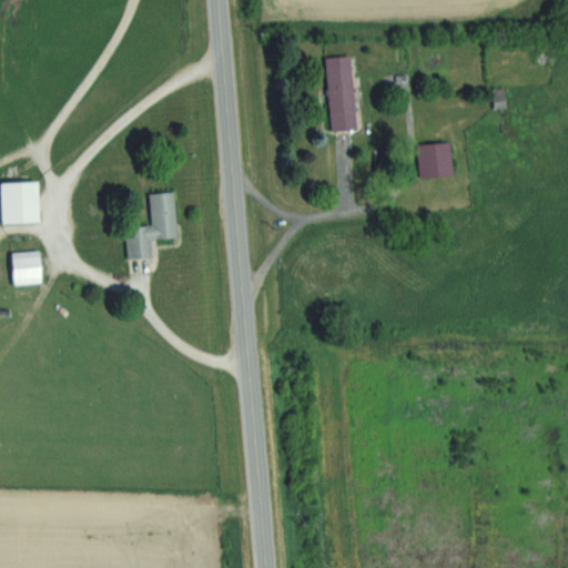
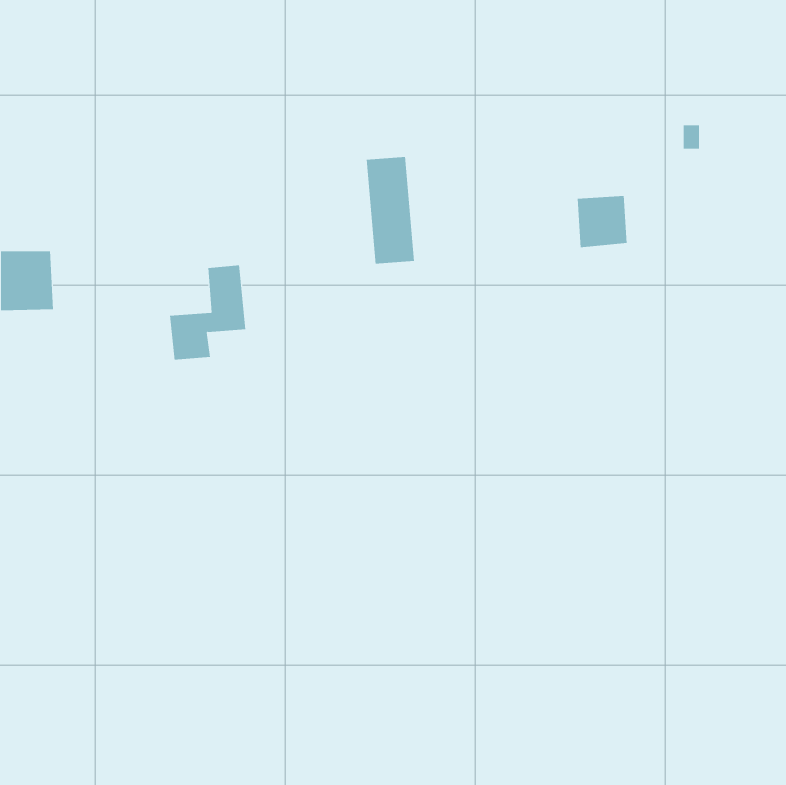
building: [325,55,361,133] -> [366,156,415,264]
building: [10,252,41,285] -> none

